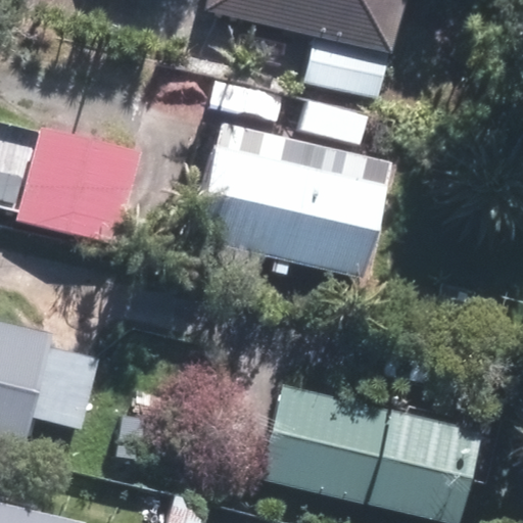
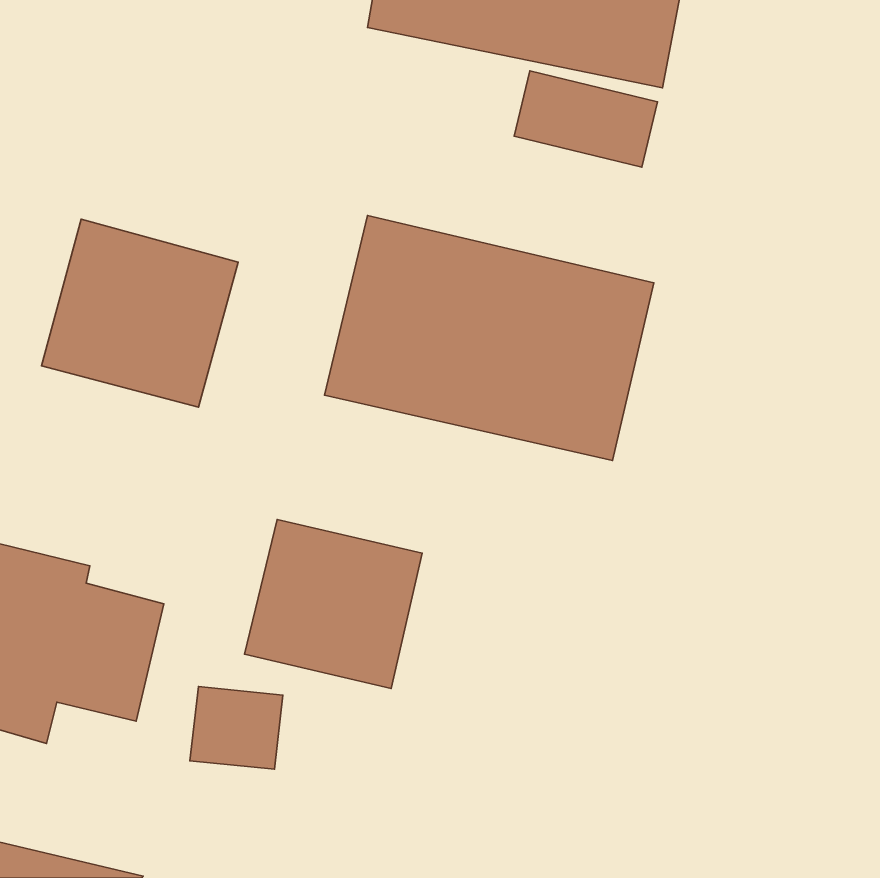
building: none -> [245,519,422,688]
building: [260,394,480,515] -> none

